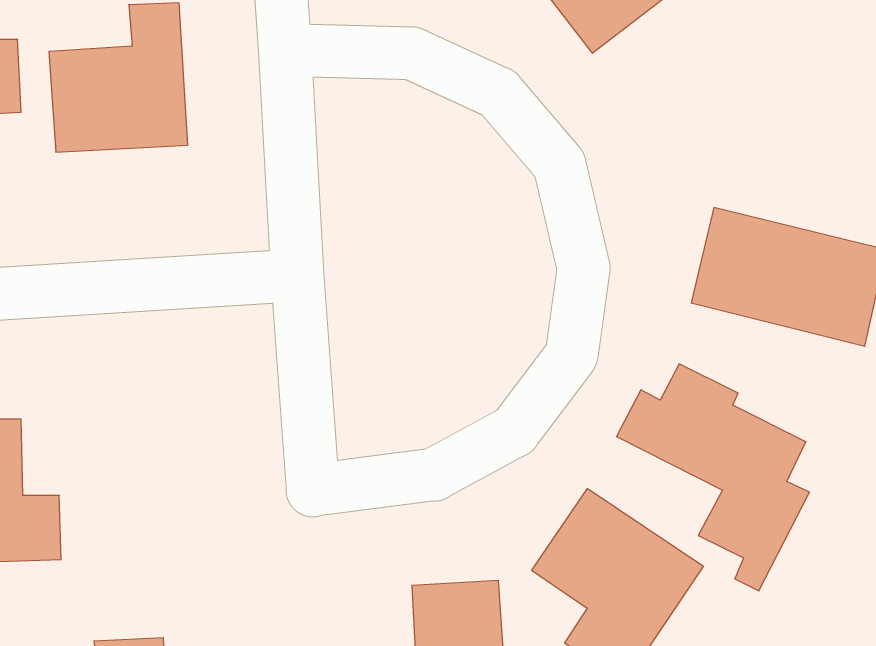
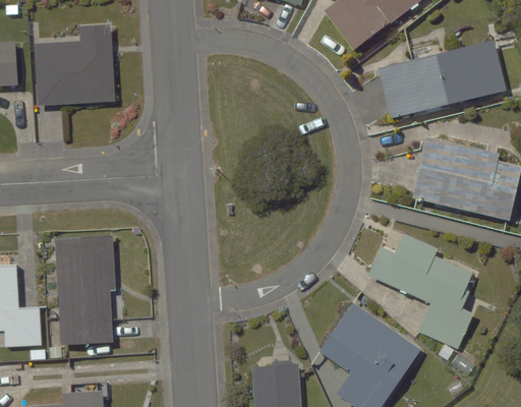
building: none -> [379,41,505,118]
building: none -> [55,237,122,345]

